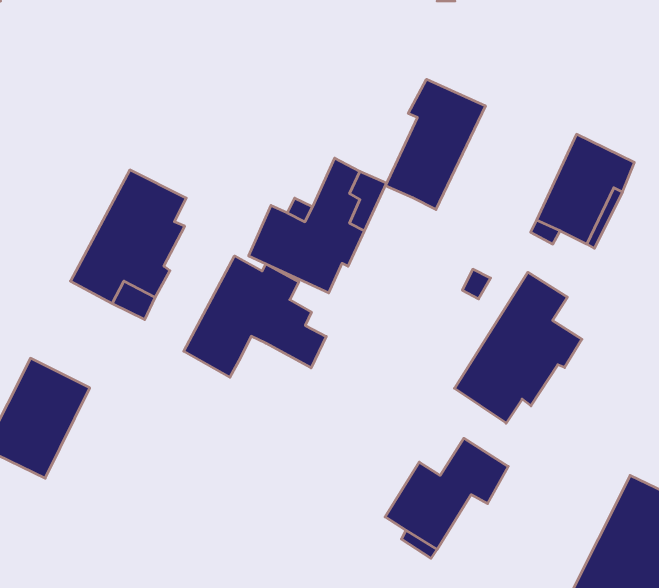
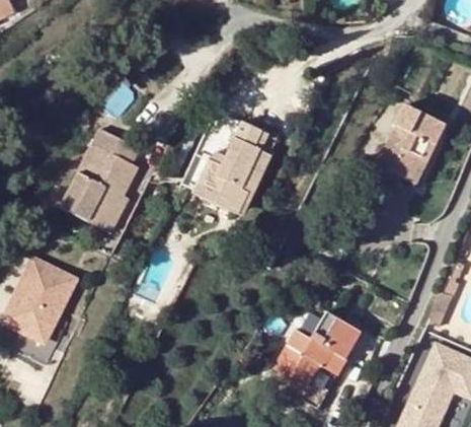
building: [385,79,485,210] -> none
building: [184,256,326,377] -> none
building: [454,272,582,423] -> none

